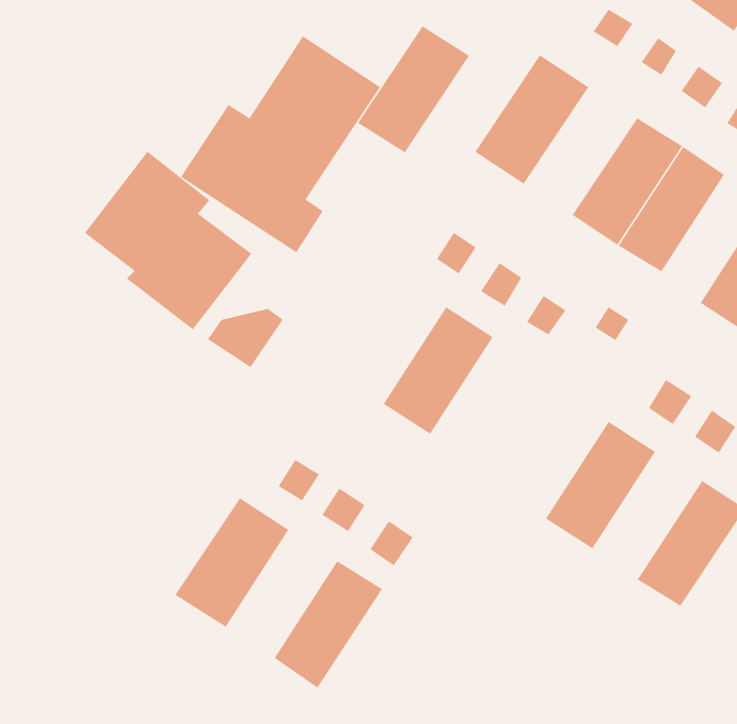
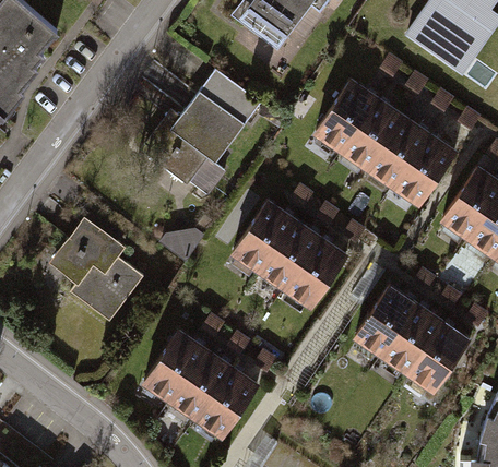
building: [357,25,470,153] -> [341,98,405,171]
building: [84,151,252,330] -> [48,216,144,319]
building: none -> [230,205,296,279]
building: none -> [287,241,349,314]
building: none -> [380,307,442,380]
building: none -> [170,351,234,424]

